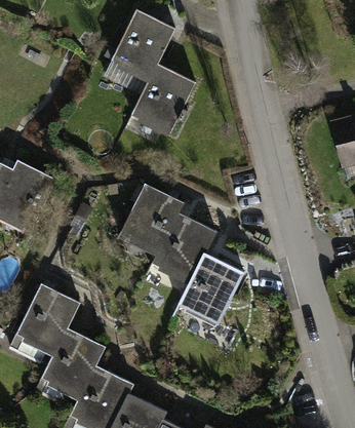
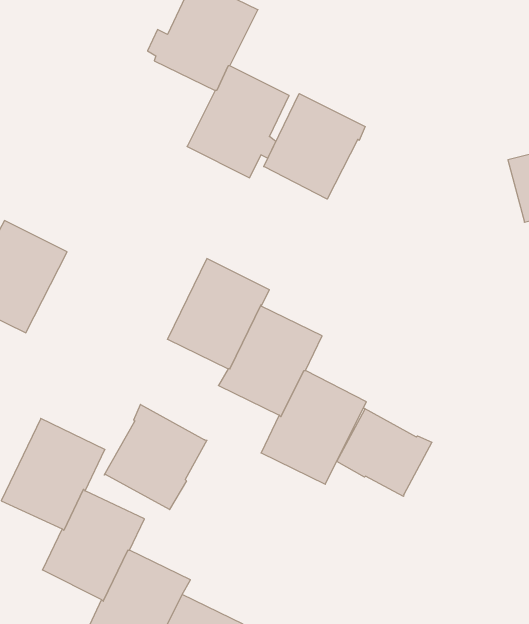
building: none -> [264,94,365,199]
building: none -> [104,404,207,510]
building: none -> [337,408,432,496]

